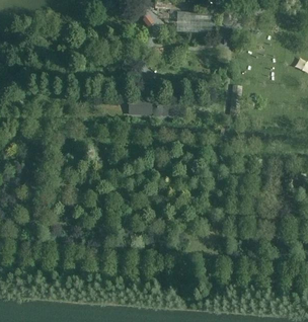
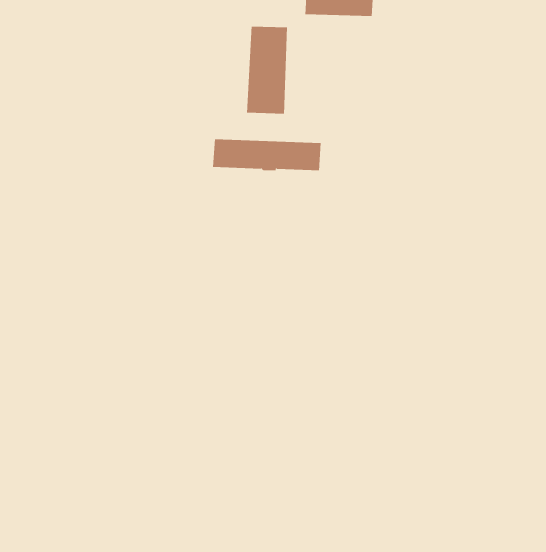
building: none -> [246,26,288,115]

